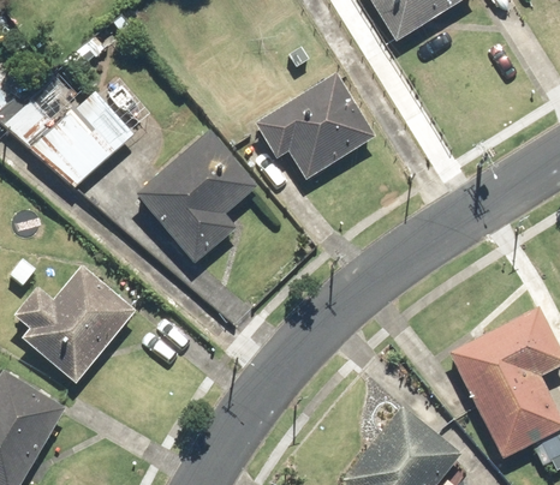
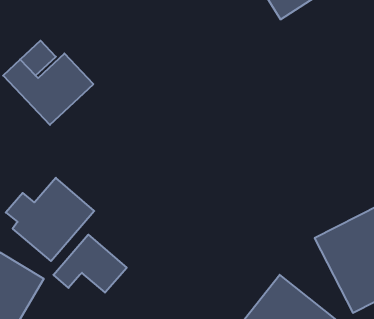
building: [254,70,376,179] -> none
building: [135,130,258,263] -> none
building: none -> [53,235,127,293]

